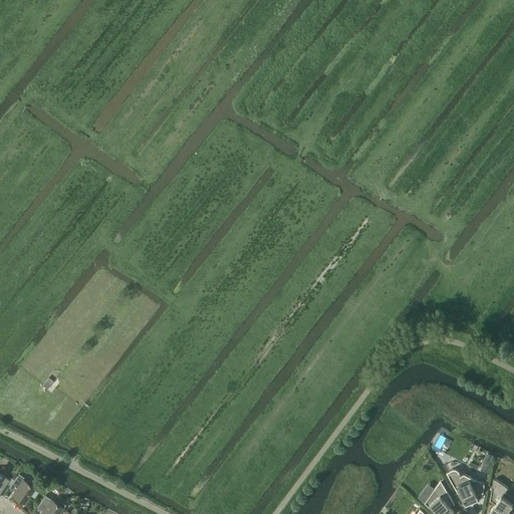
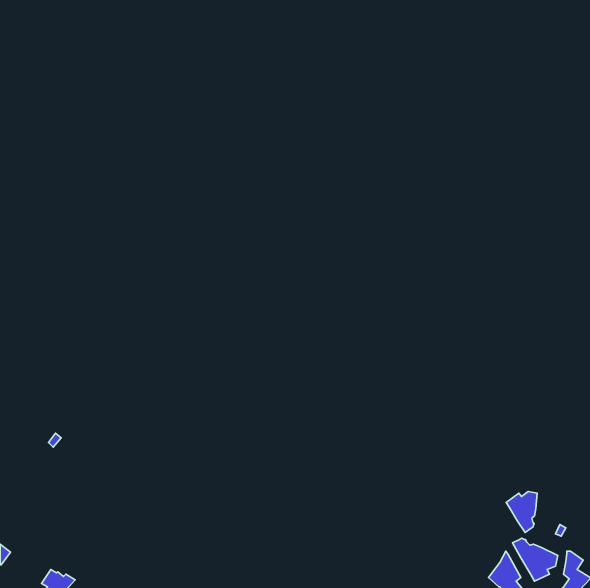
building: none -> [506,491,537,533]
building: [8,475,37,505] -> none

